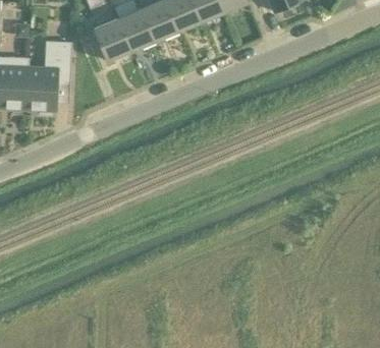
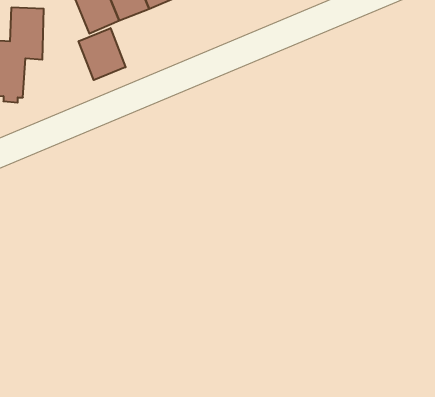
building: none -> [79,28,126,80]

